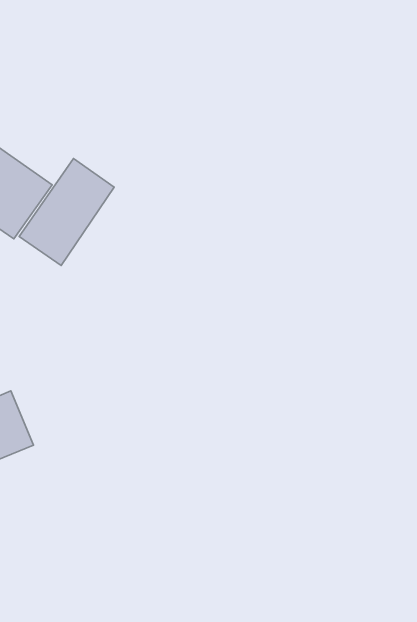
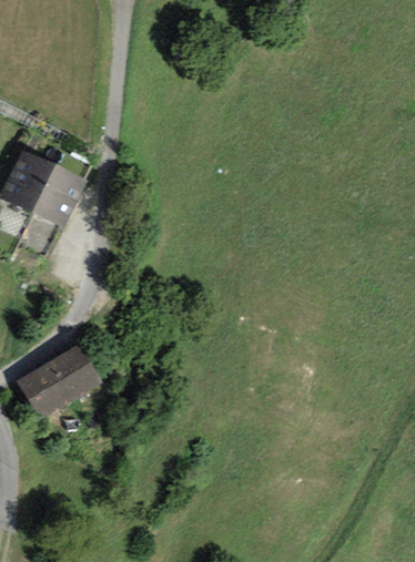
building: [19,158,114,265] -> none

